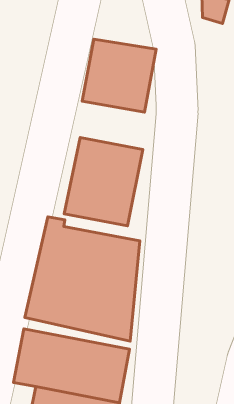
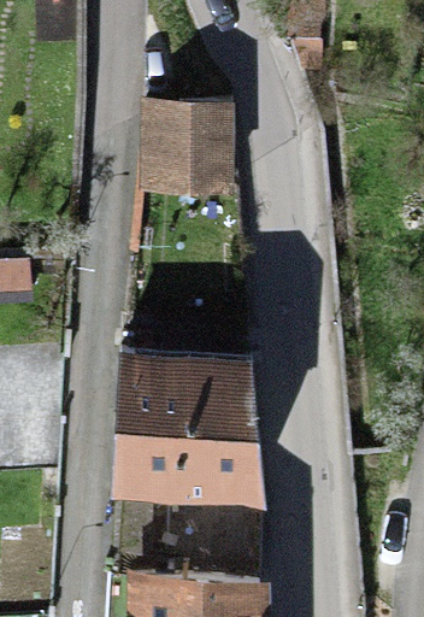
building: [64,138,143,226] -> none

